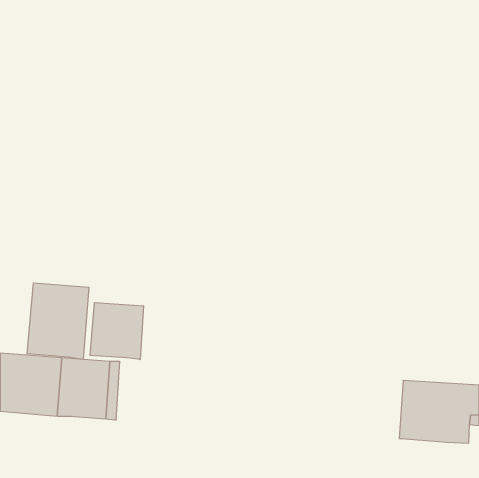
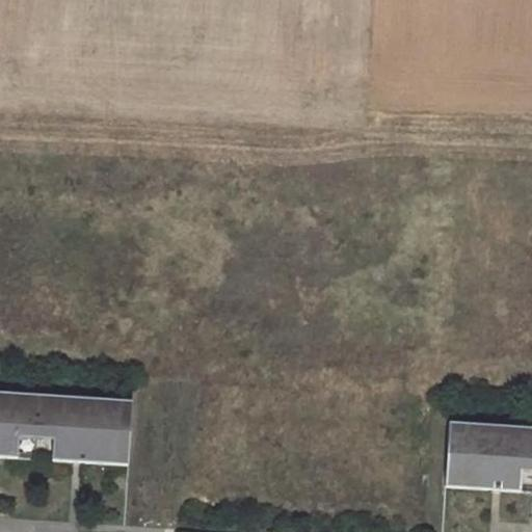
building: [27,283,89,359] -> none
building: [90,303,143,360] -> none

